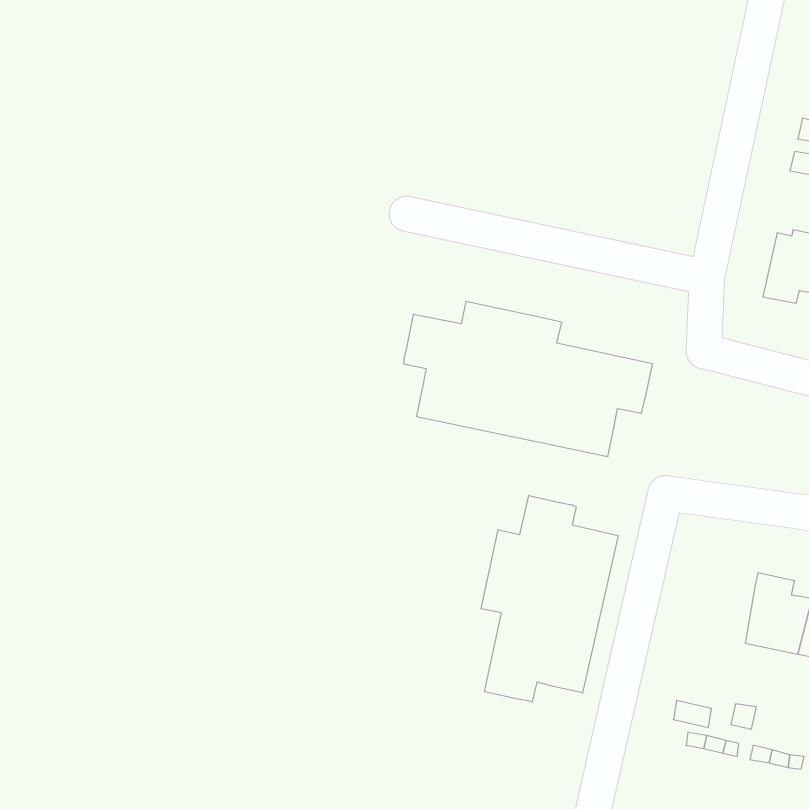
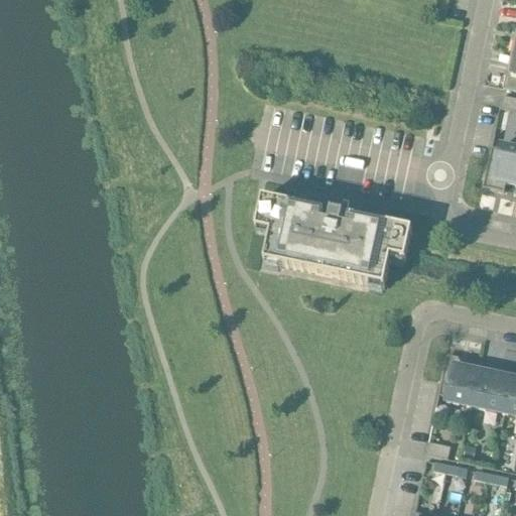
building: [481,495,618,702] -> none
building: none -> [441,355,481,406]

